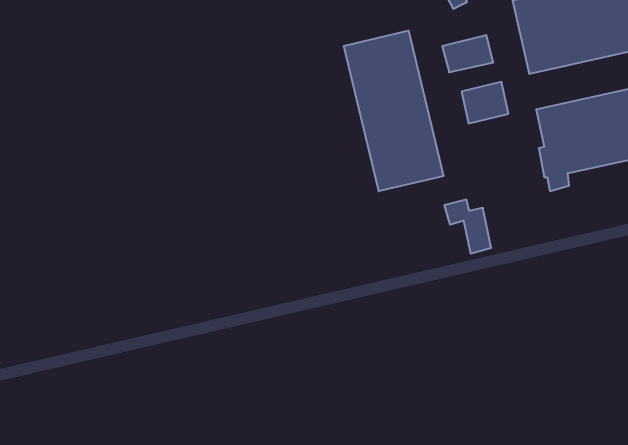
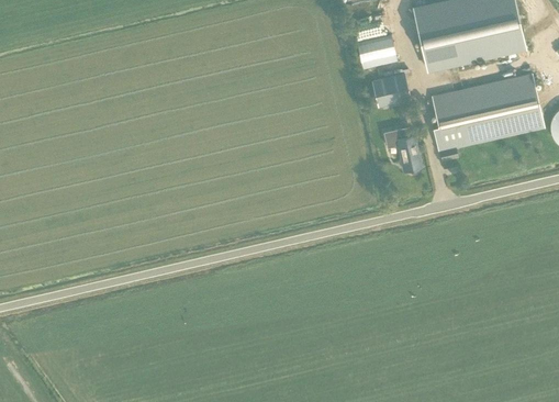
building: [344,31,443,191] -> none
building: [444,200,491,253] -> [383,127,421,170]

